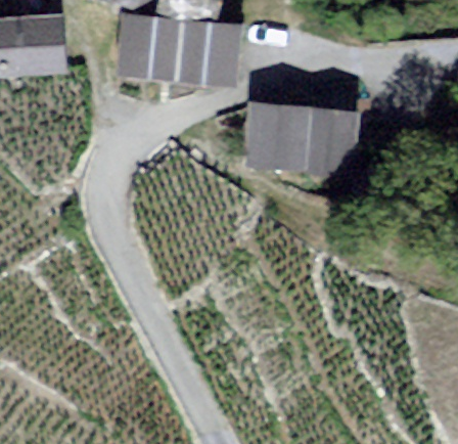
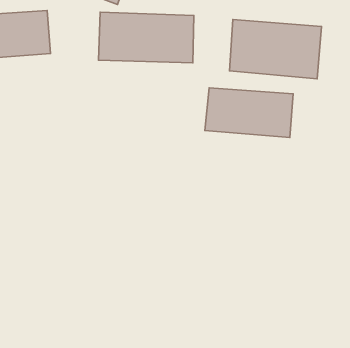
building: none -> [229,19,321,79]

